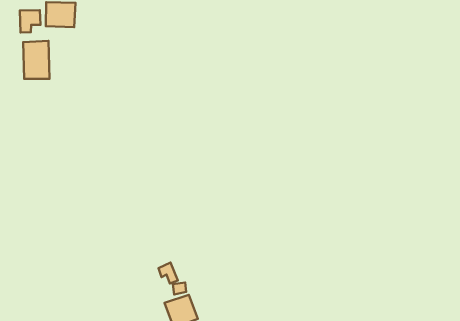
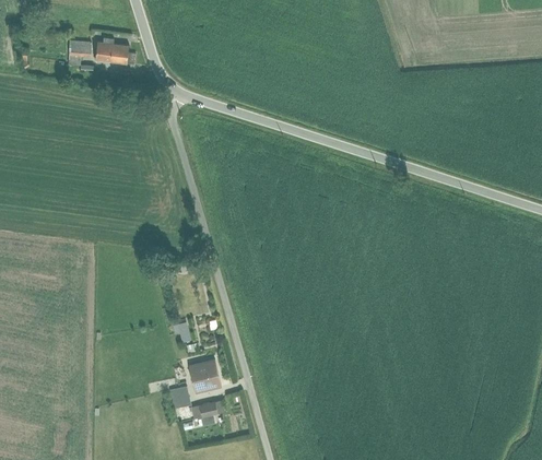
building: [23,41,49,79] -> none

